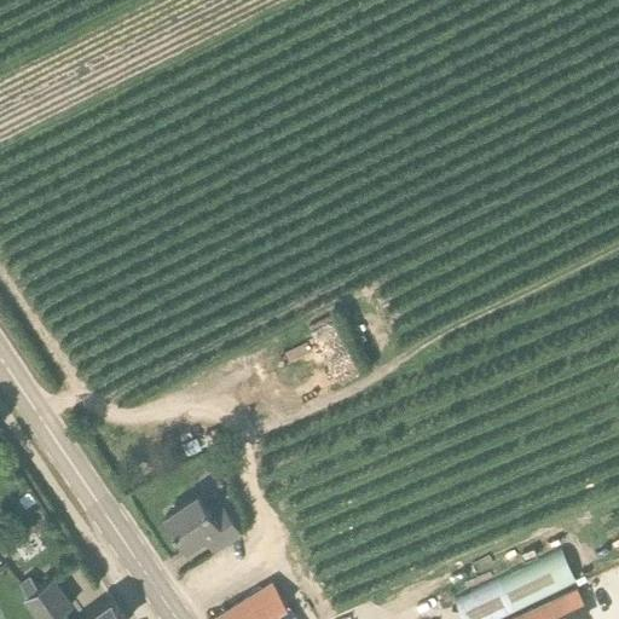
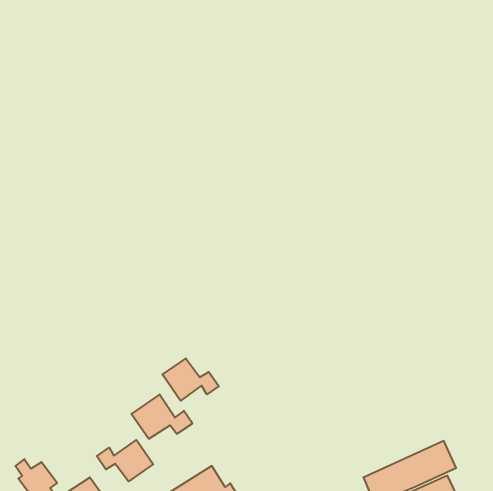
building: none -> [162,358,219,401]
building: none -> [97,440,153,481]

